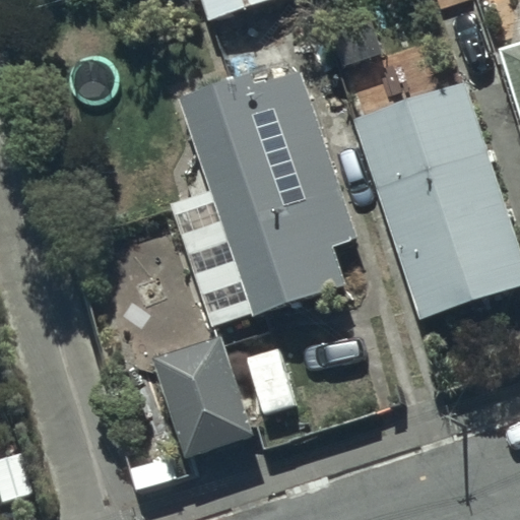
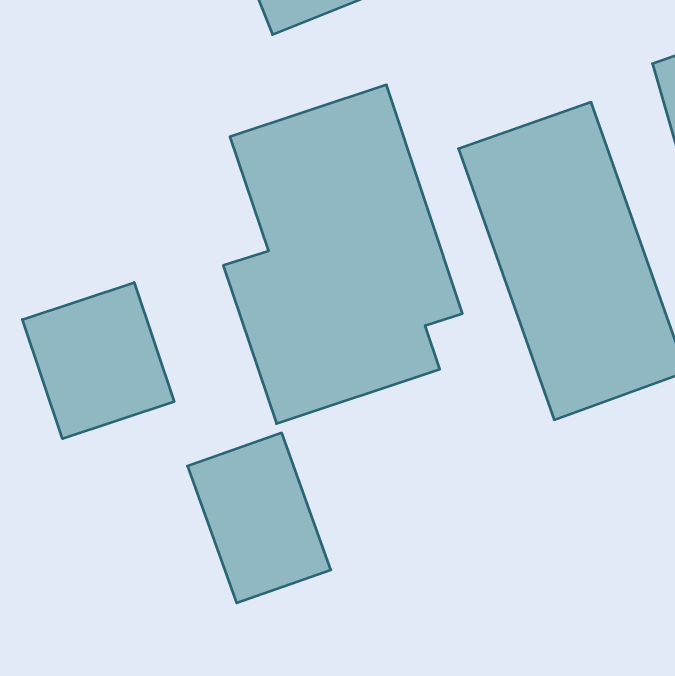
building: none -> [22,282,174,439]

